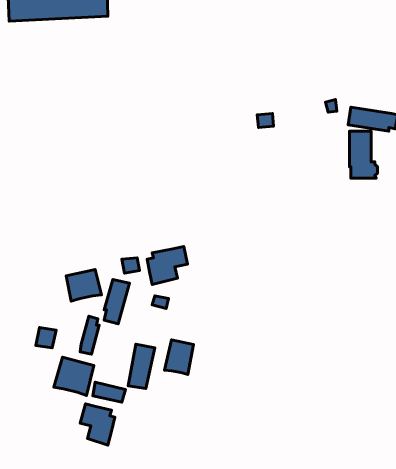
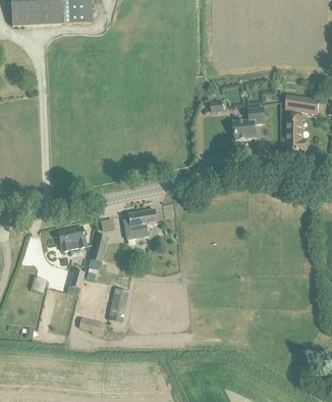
building: none -> [233,105,266,139]
building: [165,340,194,375] -> none
building: [54,357,94,395] -> none
building: [80,404,115,445] -> none

